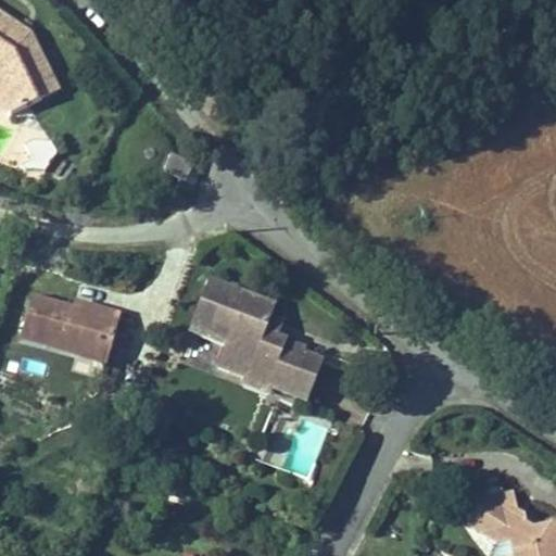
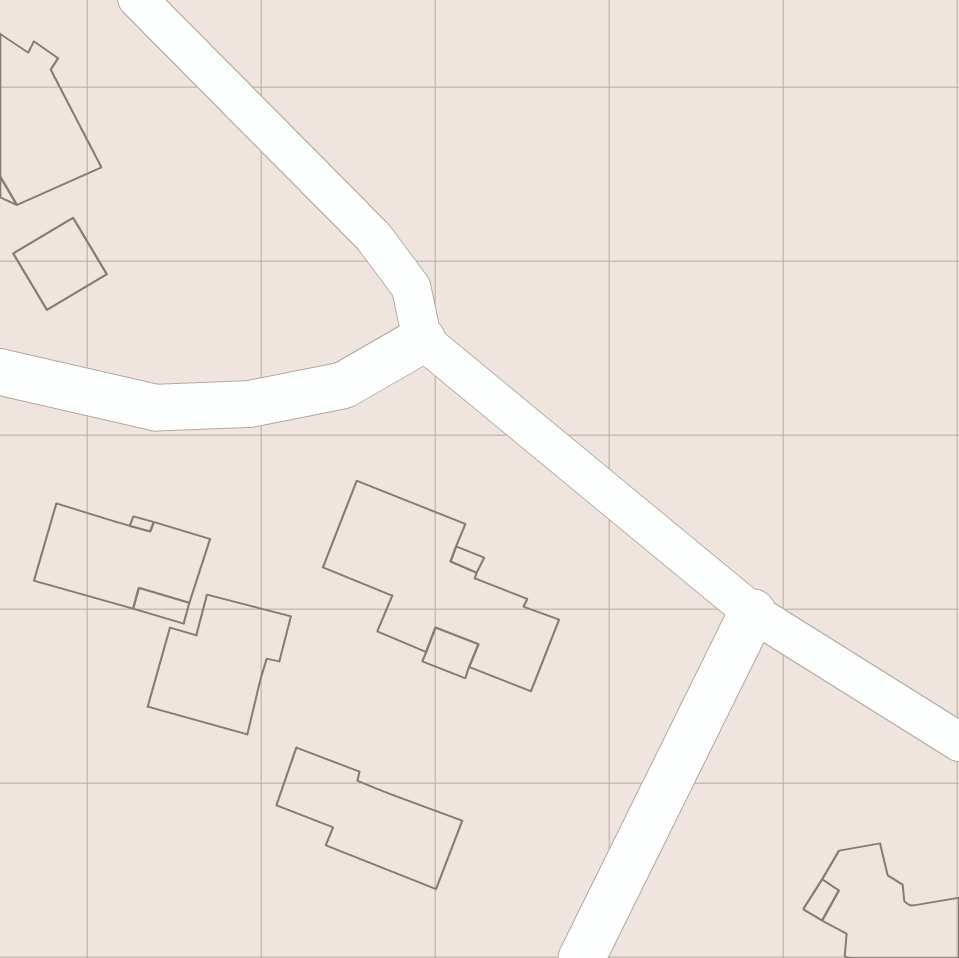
building: none -> [148,595,291,735]
building: none -> [277,747,462,889]

